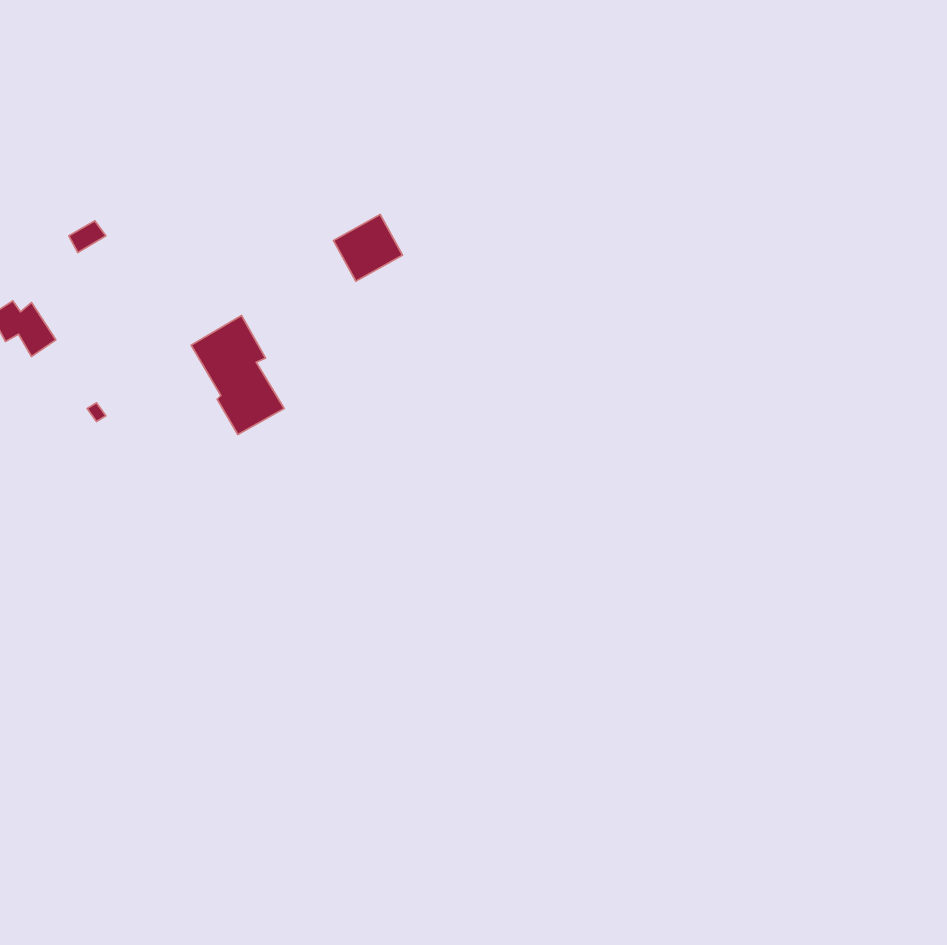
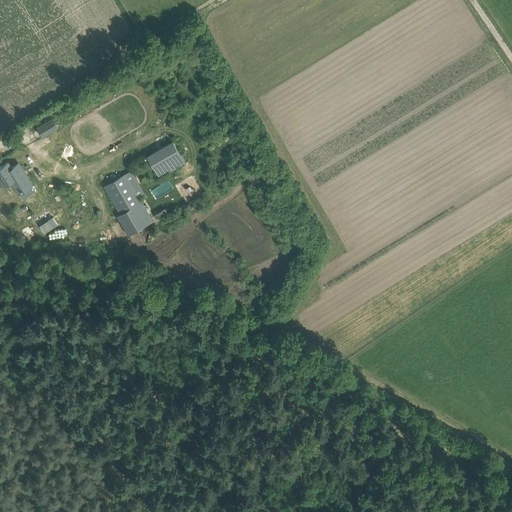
building: [334,214,402,281] -> [148,142,185,178]

